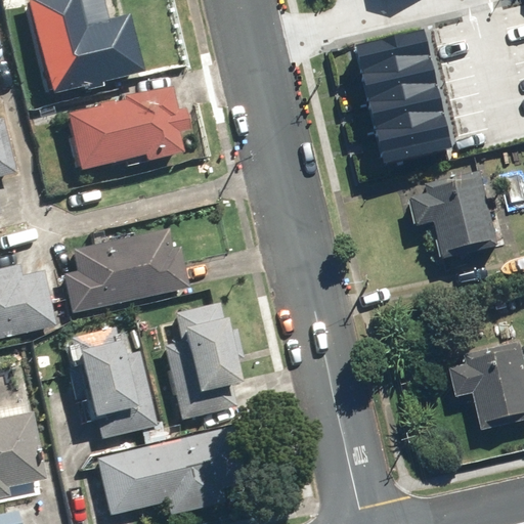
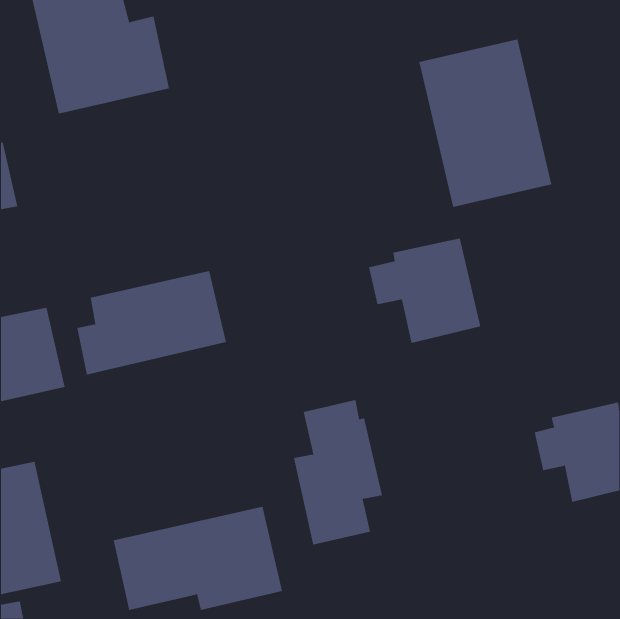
building: [68,85,192,171] -> none
building: [408,168,504,257] -> [368,238,481,344]
building: [165,299,241,422] -> [293,400,383,545]
building: [69,326,156,442] -> none

